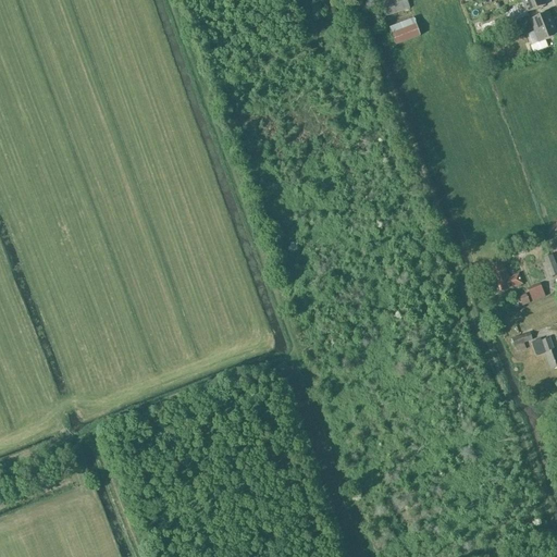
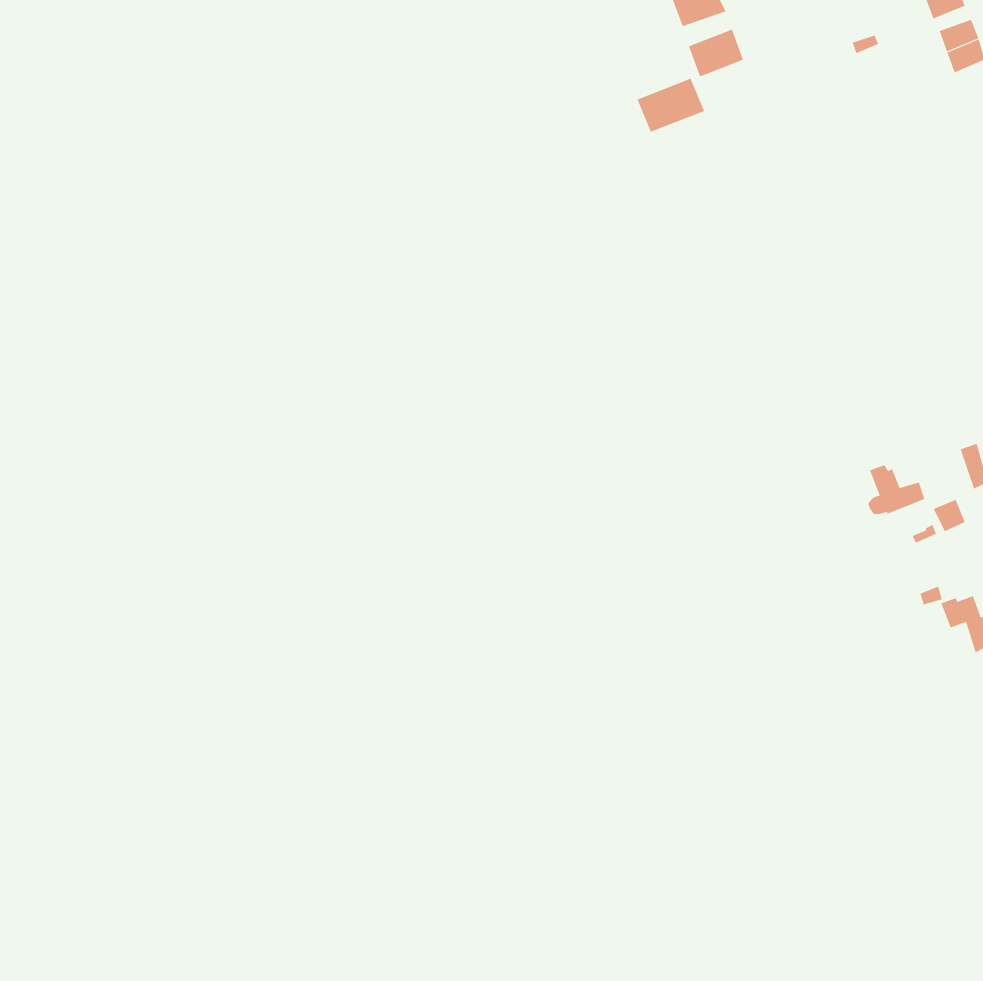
building: none -> [637,78,705,133]

